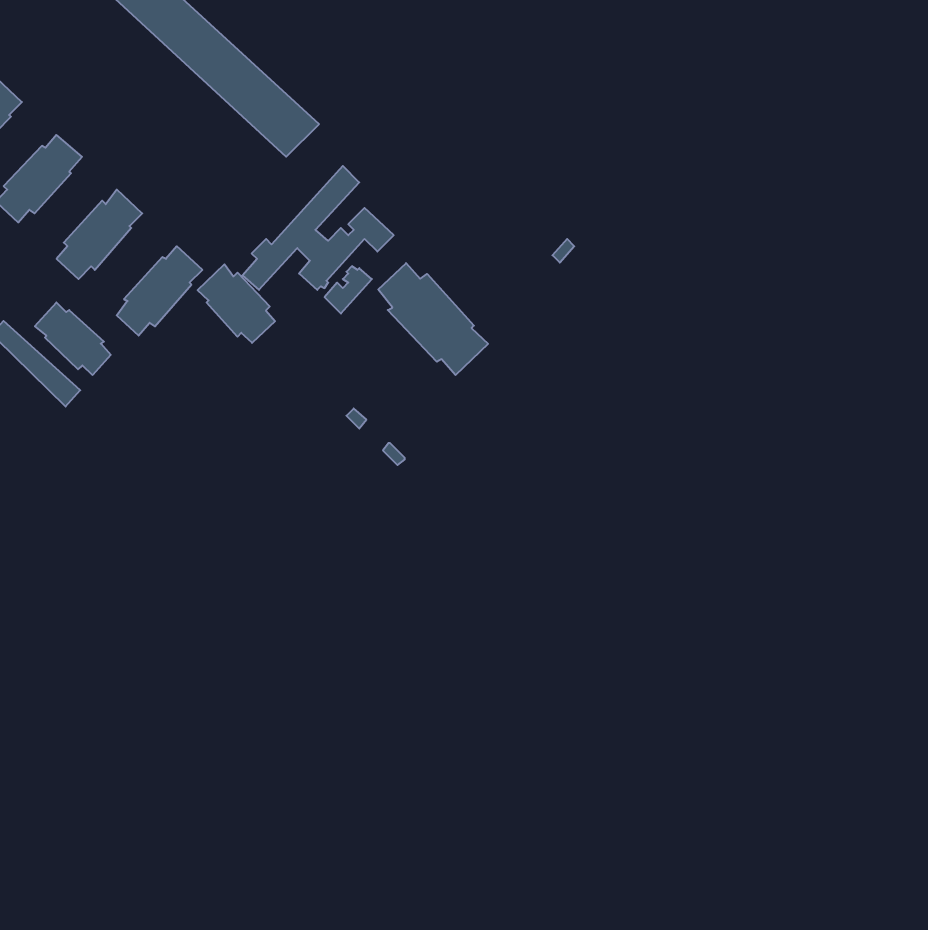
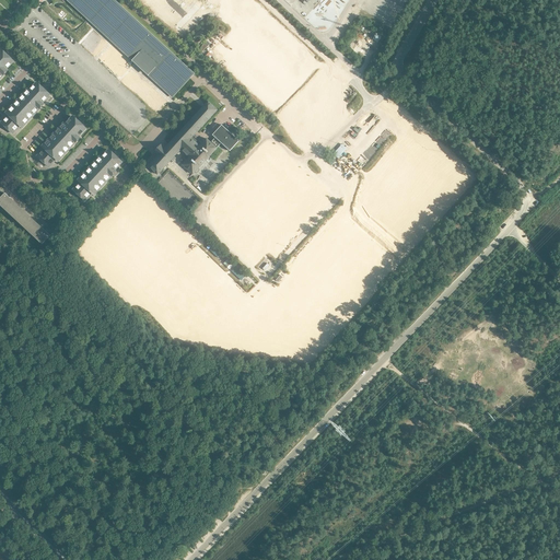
building: [378,263,488,375] -> none
building: [198,264,275,343] -> none
building: [35,302,111,375] -> none

